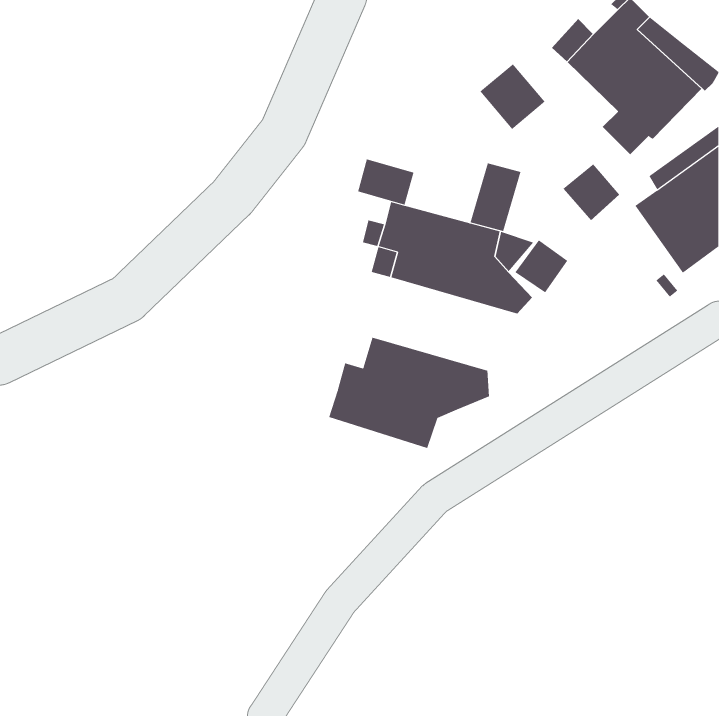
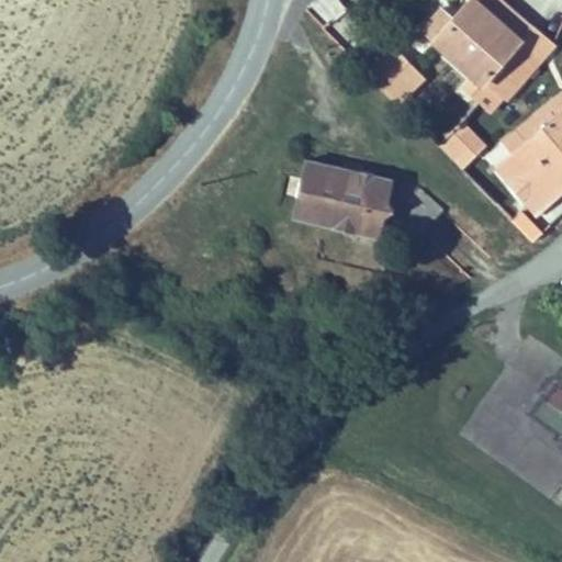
building: [357,158,414,205] -> none
building: [470,162,521,232] -> none
building: [329,337,490,449] -> none

